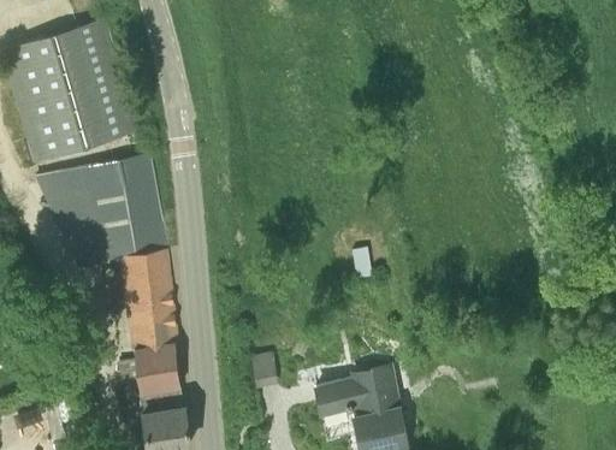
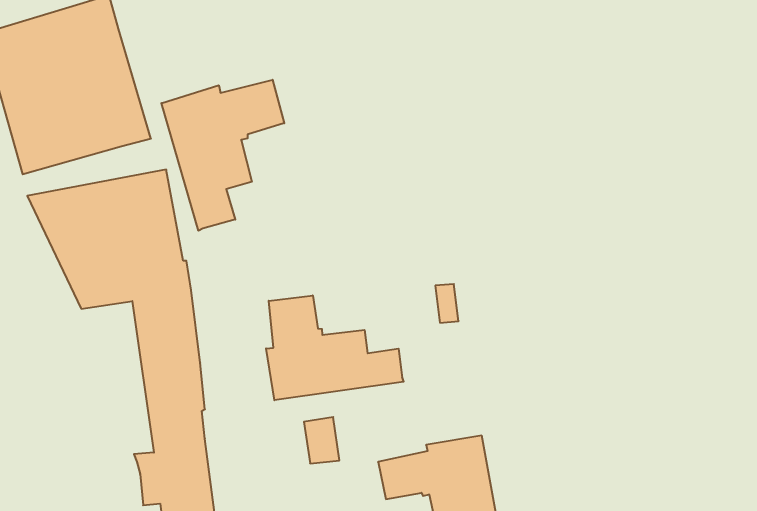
building: none -> [161,80,284,231]
building: none -> [266,295,404,400]

